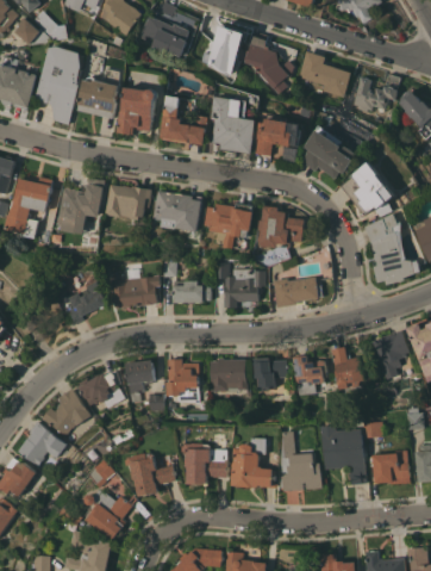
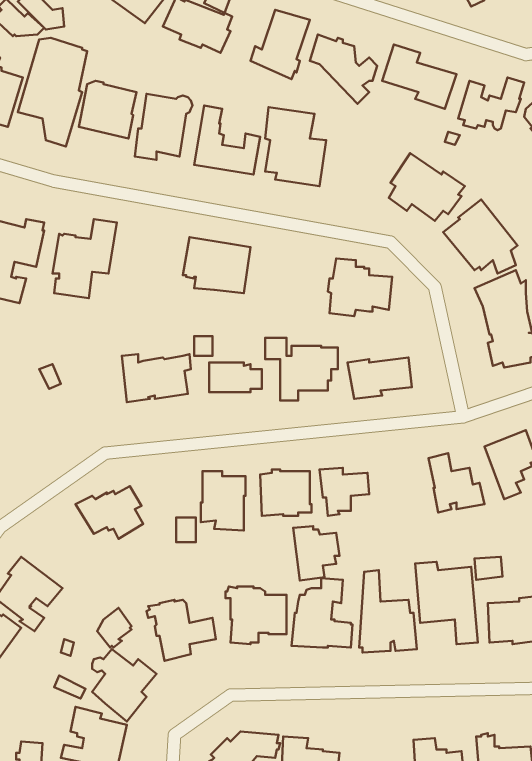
building: [255,119,300,156] -> none
building: [105,185,151,228] -> none
building: [204,204,254,249] -> none
building: [62,283,105,327] -> none
building: [292,356,325,396] -> [293,526,339,580]
building: [124,360,152,402] -> none
building: [40,389,89,436] -> none

